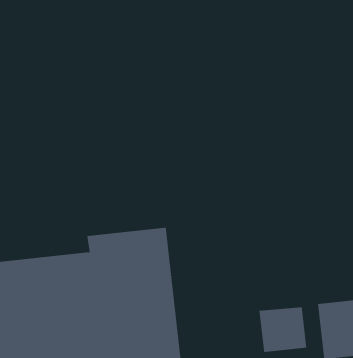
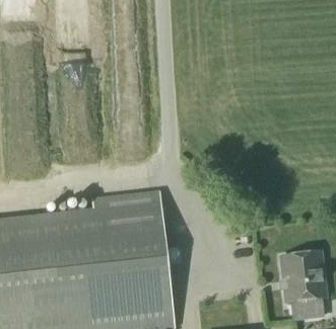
building: [259,306,307,353] -> none

